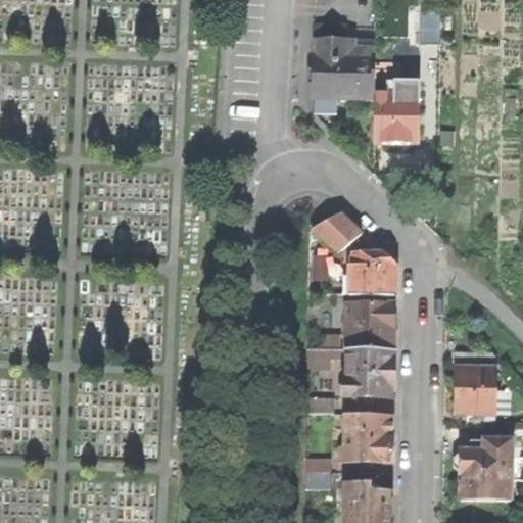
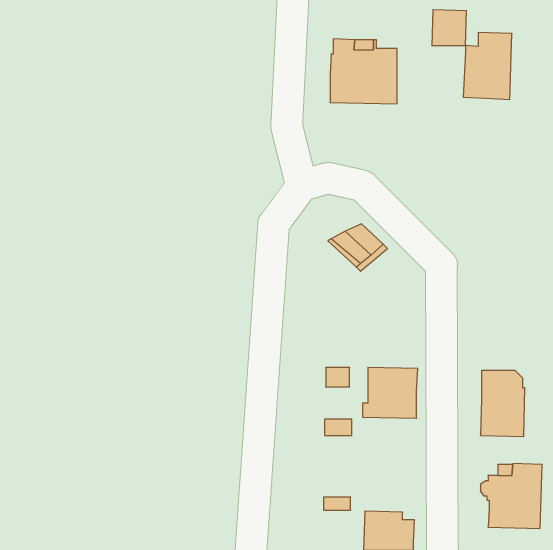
building: [373,80,419,143] -> [463,32,512,99]
building: [348,250,395,292] -> none
building: [345,301,394,348] -> none
building: [340,412,392,460] -> none

